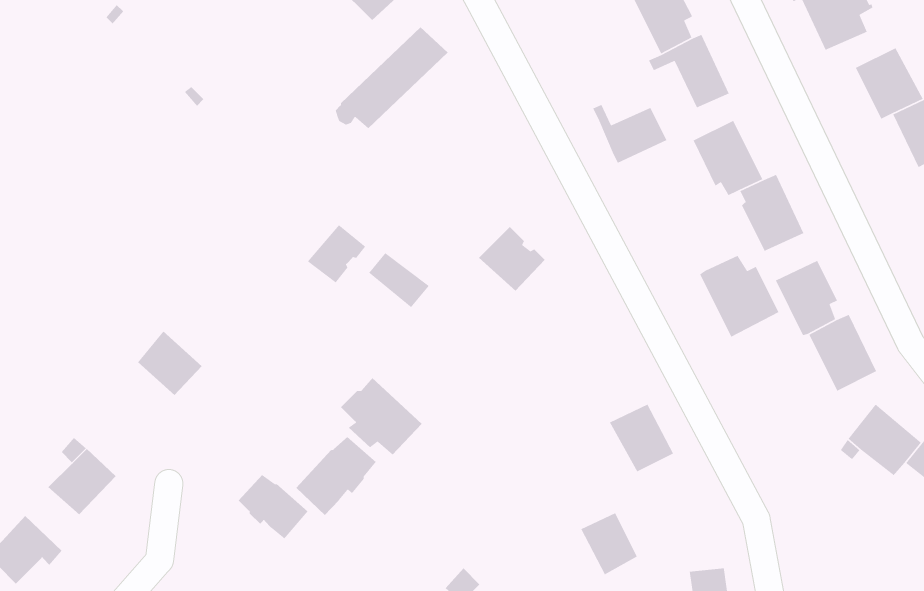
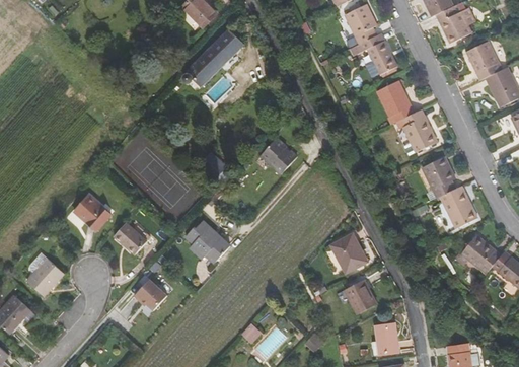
building: [592,104,667,164] -> none
building: [307,224,366,284] -> none
building: [699,255,779,338] -> none
building: none -> [115,222,147,253]
building: [295,436,377,516] -> none
building: [580,512,638,576] -> [345,280,376,314]

